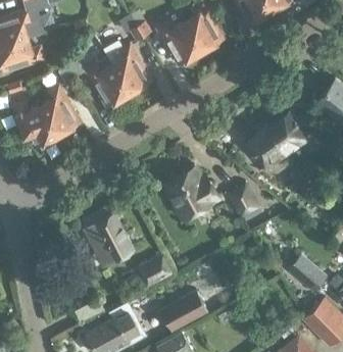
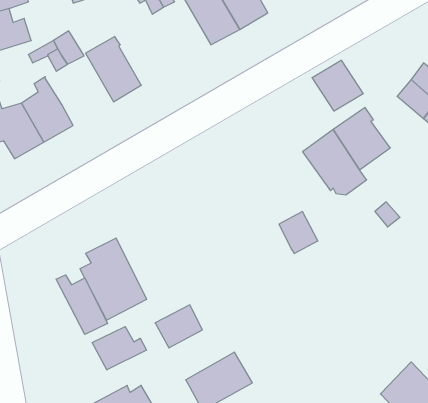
building: [102,41,148,94] -> none
building: none -> [312,60,363,111]
building: [161,167,217,220] -> none
building: none -> [56,275,108,334]
building: [286,254,328,293] -> none
building: none -> [92,327,146,370]

